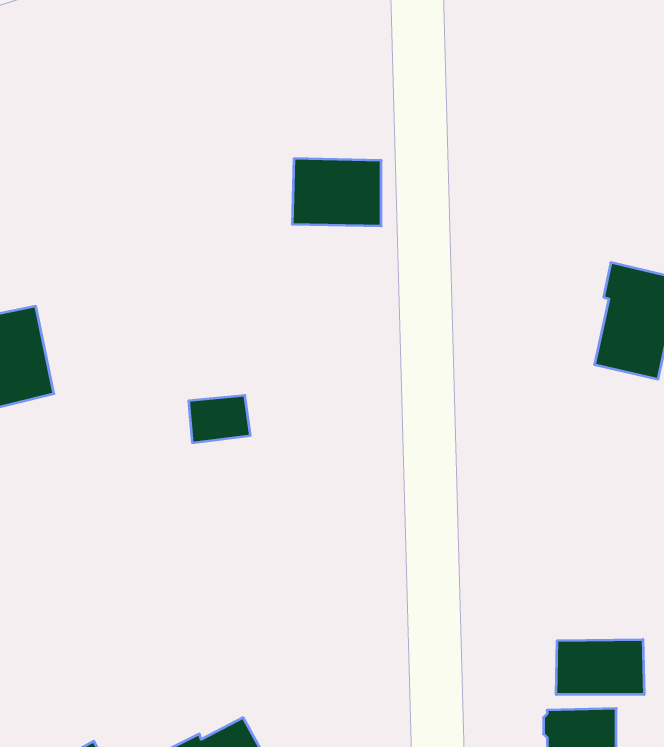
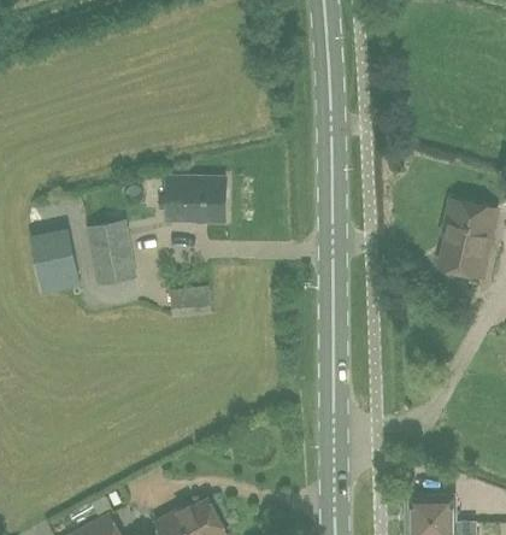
building: [292,159,381,226] -> [165,177,224,222]
building: none -> [88,217,137,281]
building: [556,639,644,695] -> none

